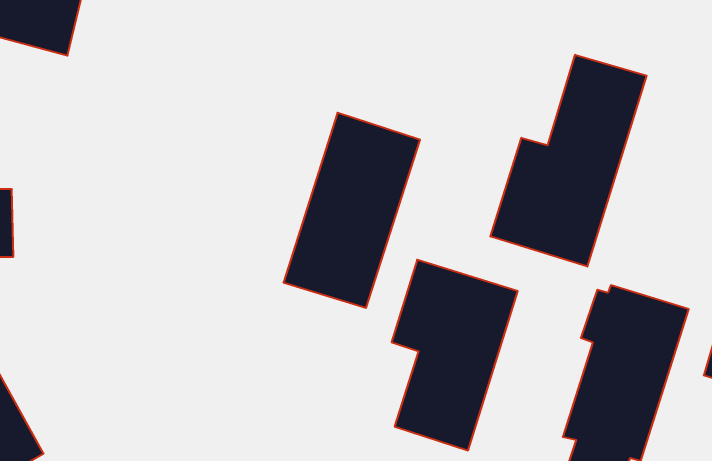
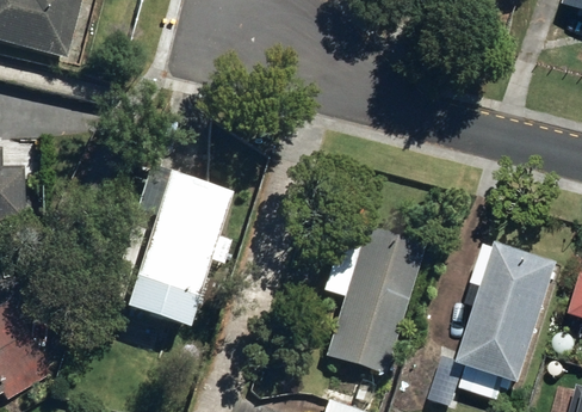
building: [490,55,647,267] -> none
building: [283,113,420,308] -> [119,170,228,325]

